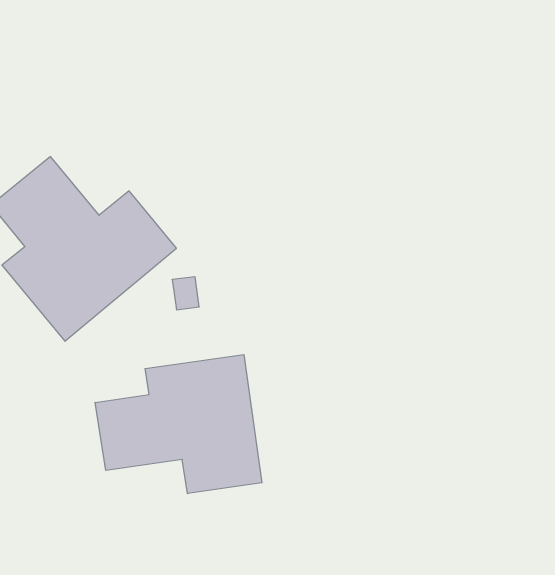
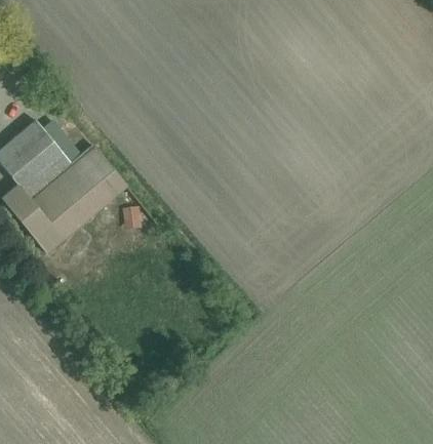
building: [95,355,262,494] -> none

